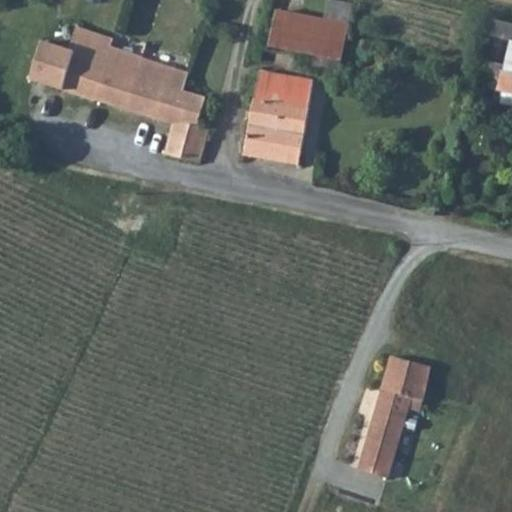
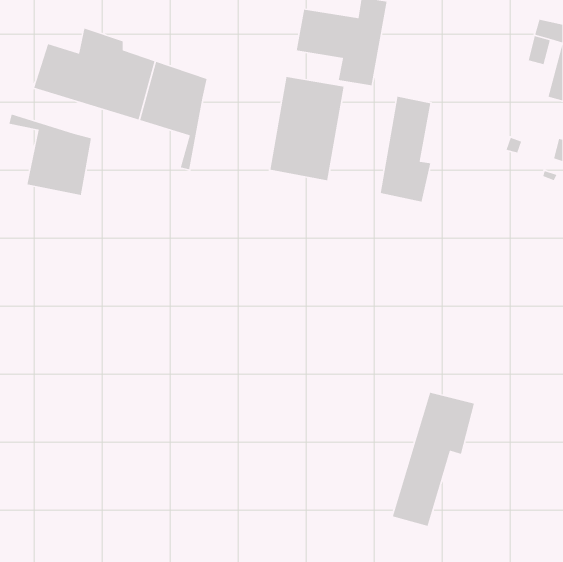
building: none -> [380,96,431,203]
building: [172,89,208,160] -> none
building: none -> [8,114,92,196]

